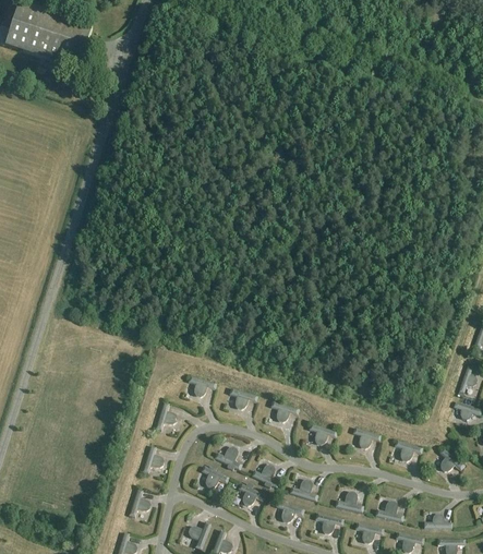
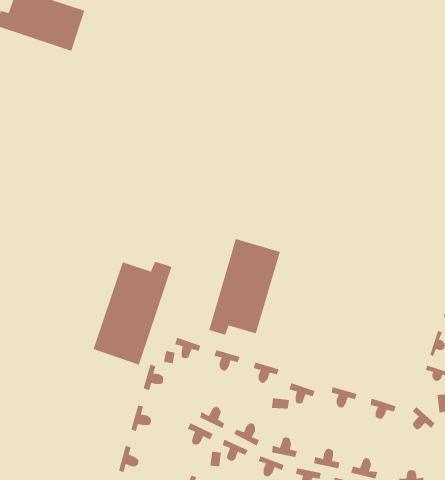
building: none -> [208,238,280,336]
building: none -> [93,261,172,366]

